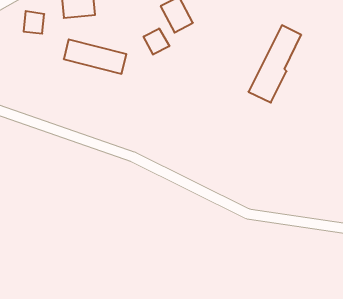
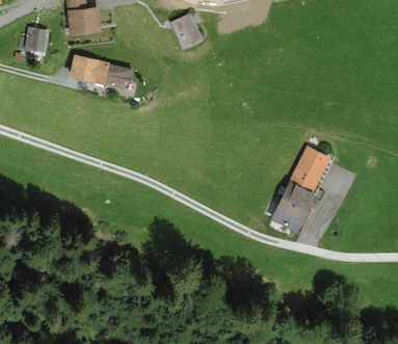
building: [248,25,301,103] -> [270,149,326,231]
building: [144,28,169,55] -> none

